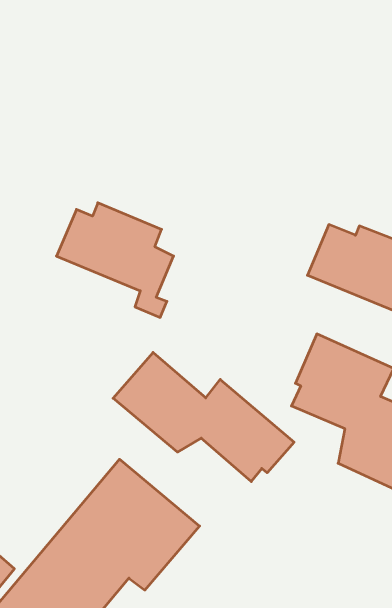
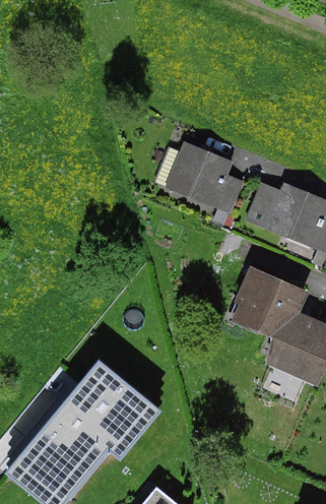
building: [56,203,174,317] -> [152,141,242,229]
building: [113,352,294,482] -> none

